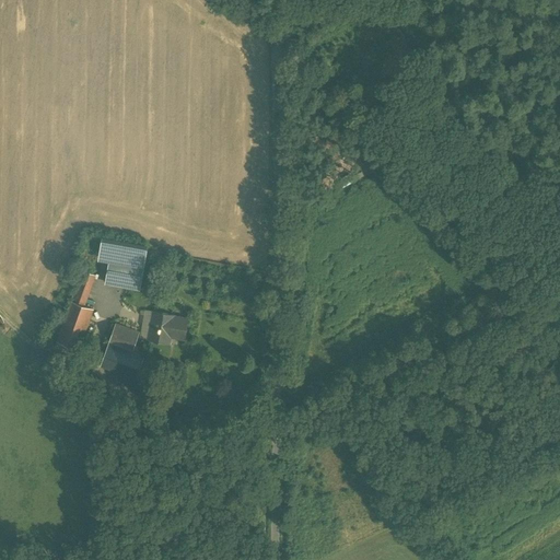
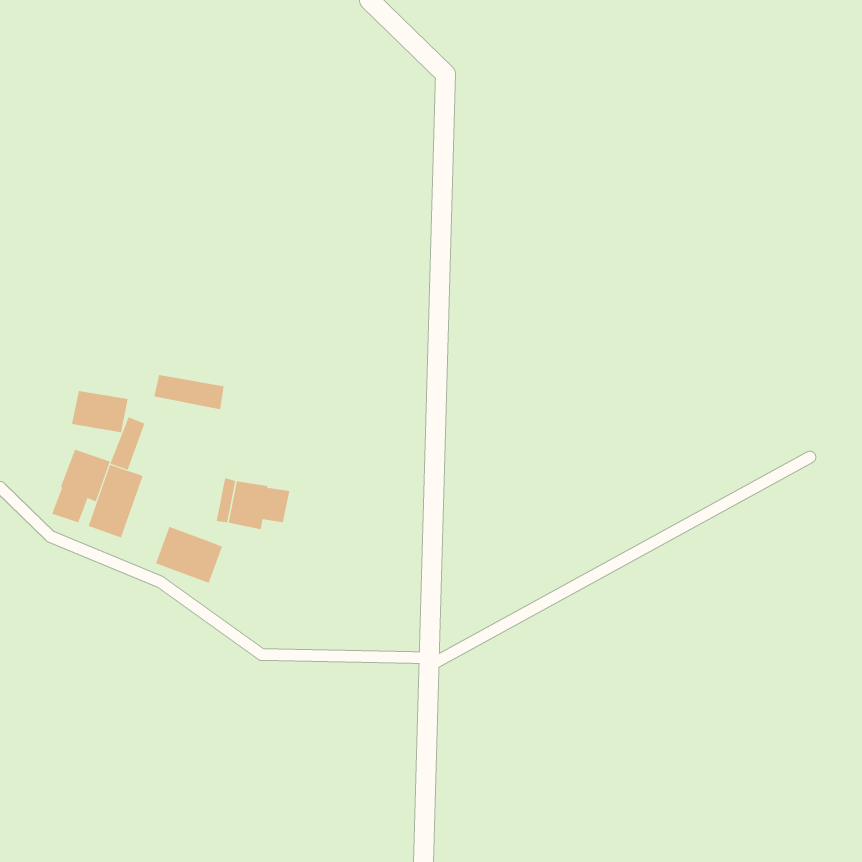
building: [106,261,143,289] -> [71,391,129,433]
building: none -> [51,449,111,523]
building: [109,324,139,350] -> none

